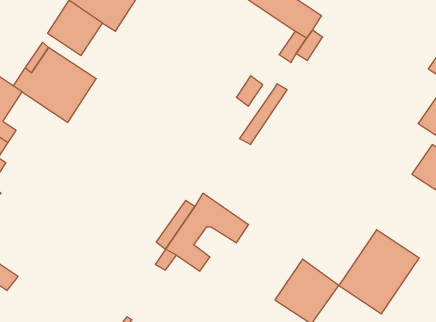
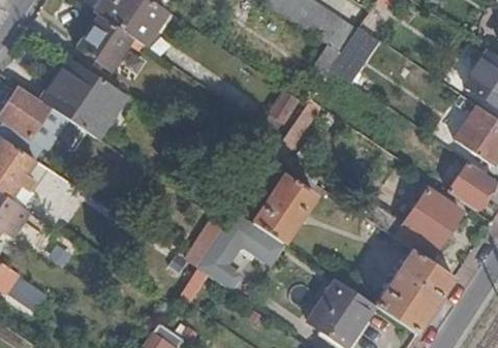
building: none -> [251,173,314,243]
building: none -> [362,188,462,260]

